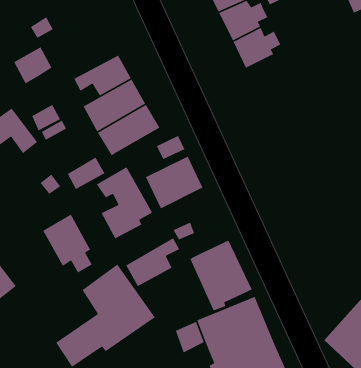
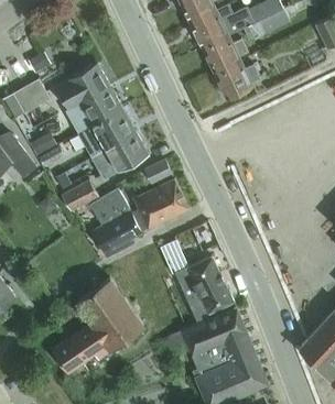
building: none -> [56,64,110,109]
building: [42,214,93,273] -> none
building: [125,237,191,287] -> none

